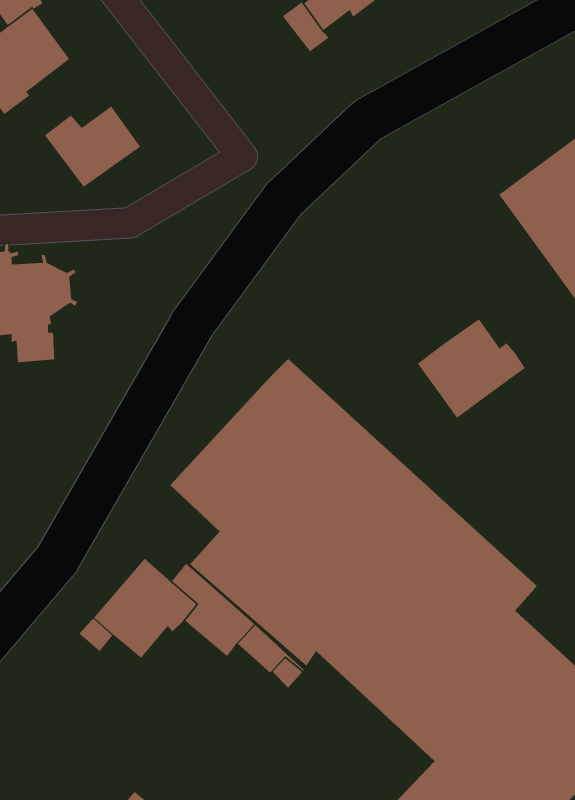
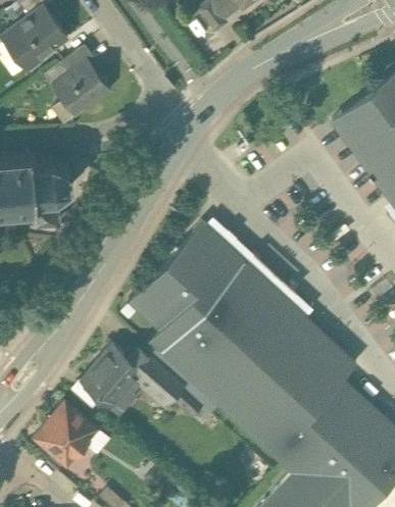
building: none -> [59,49,92,80]
building: [417,318,526,419] -> none
building: none -> [34,402,95,465]

